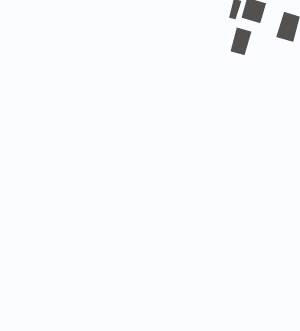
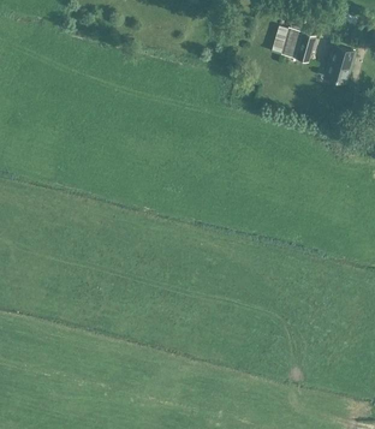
building: [230,26,252,56] -> none

